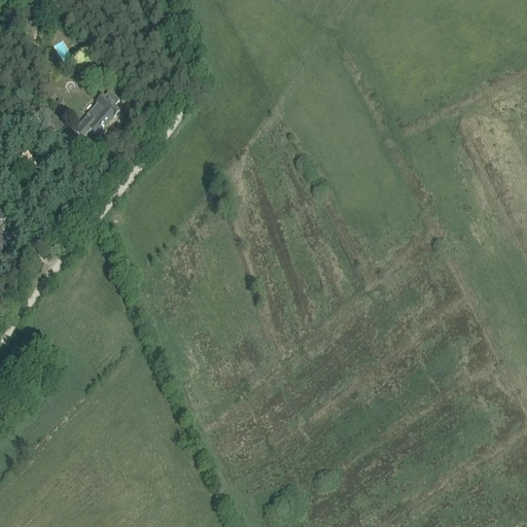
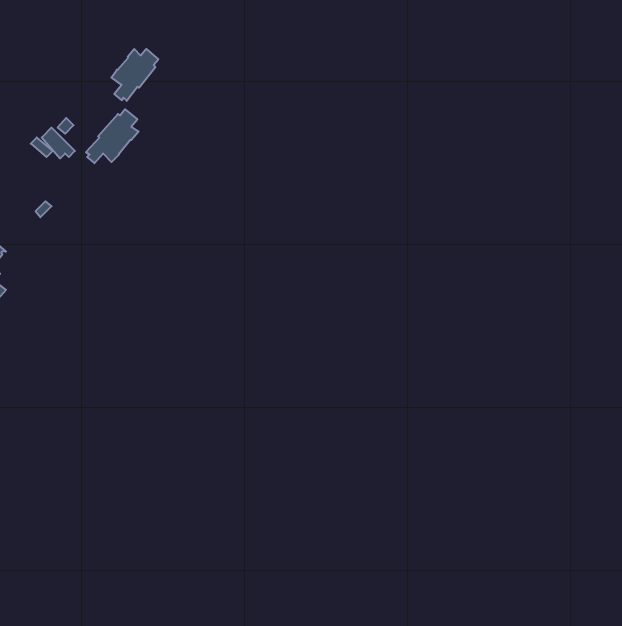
building: none -> [111,49,158,101]

